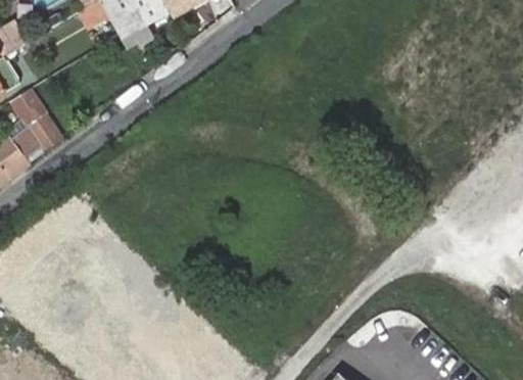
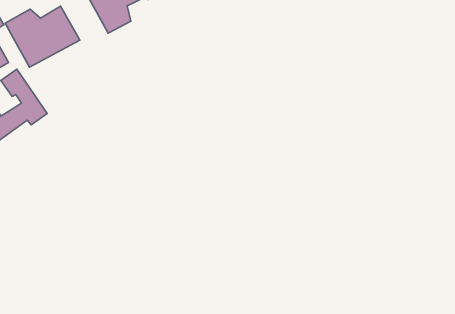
building: none -> [5,6,80,67]

